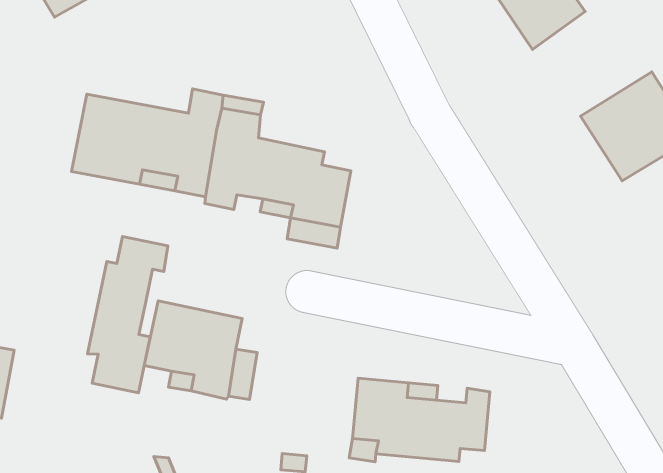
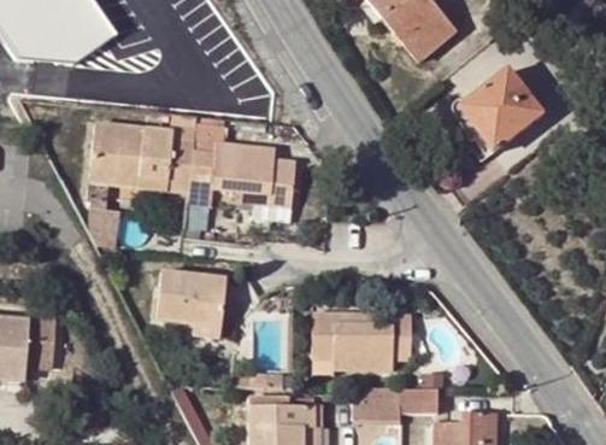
building: [88,236,168,393] -> none

